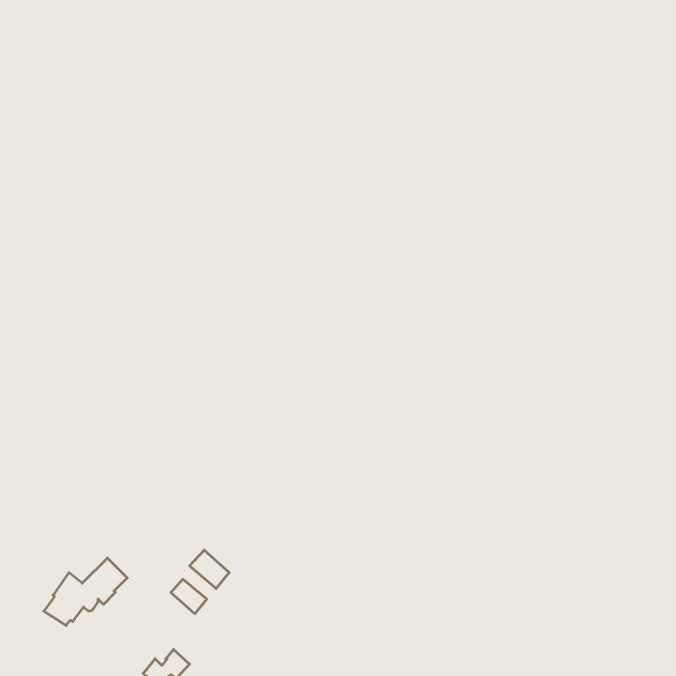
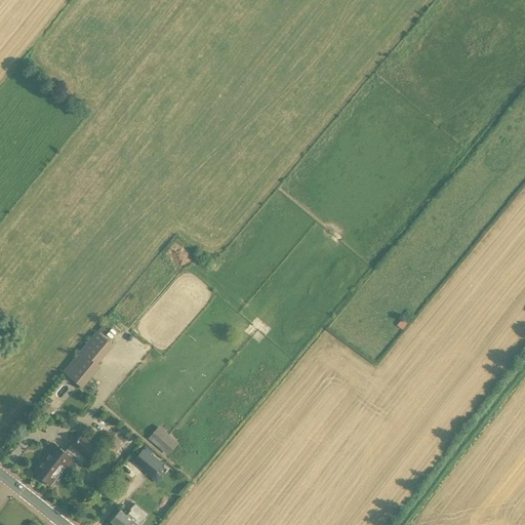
building: none -> [62,331,113,389]

